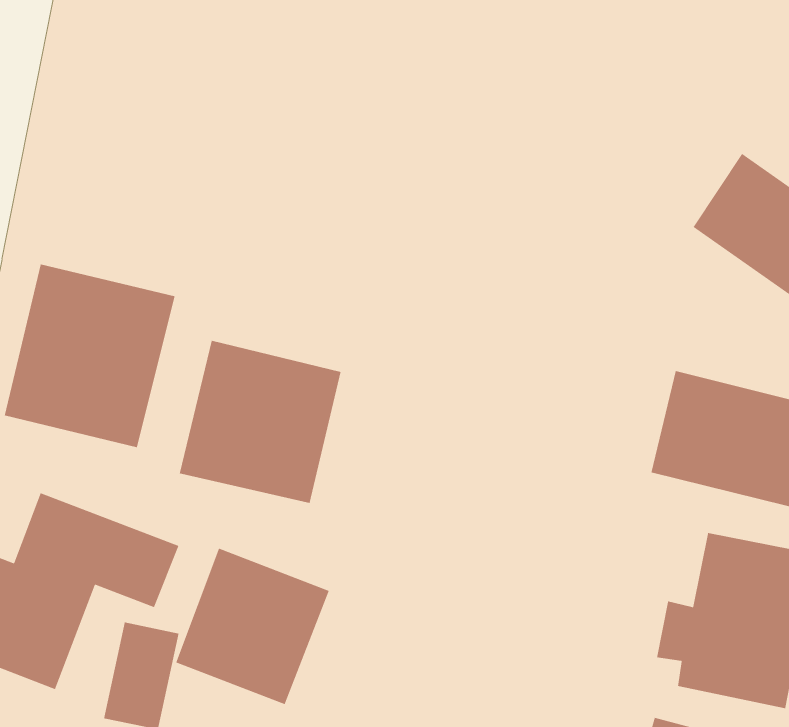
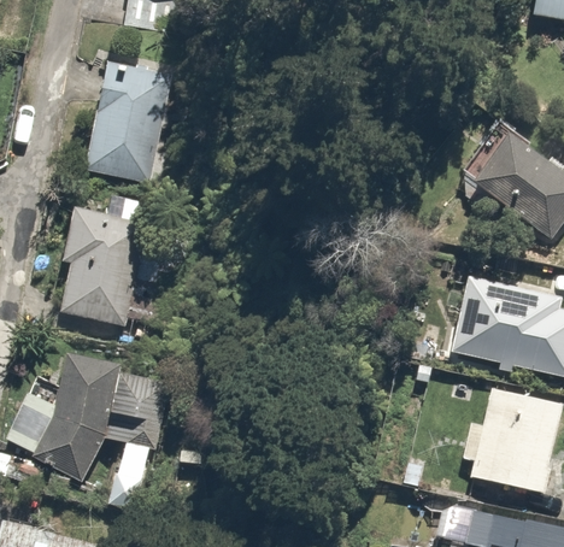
building: none -> [84,59,184,187]
building: [179,340,342,504] -> none
building: [175,548,330,705] -> none

